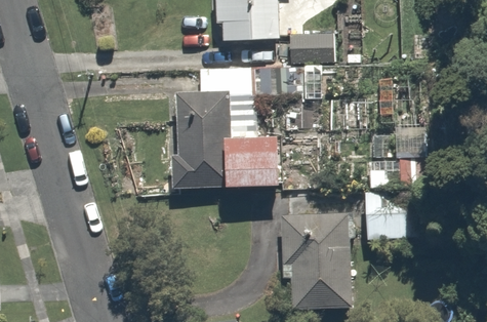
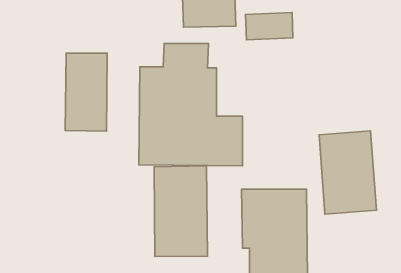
building: none -> [65,53,107,131]
building: none -> [154,166,207,257]

